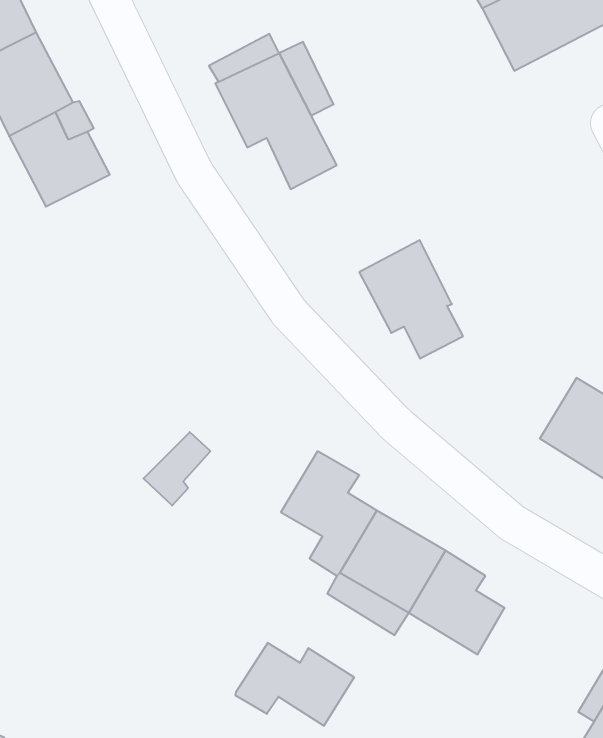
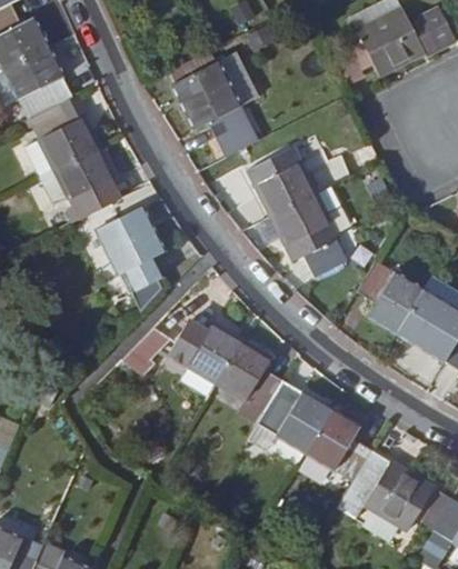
building: none -> [54,148,113,220]
building: none -> [249,148,315,216]
building: none -> [99,208,165,292]
building: none -> [357,260,431,331]
building: none -> [170,322,243,382]
building: none -> [340,449,435,529]
building: [235,643,354,726] -> none

